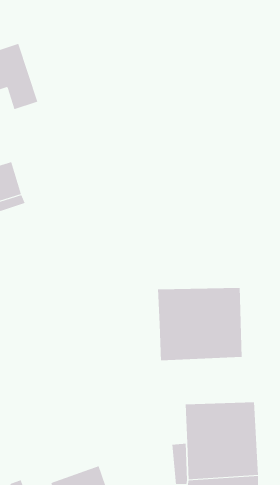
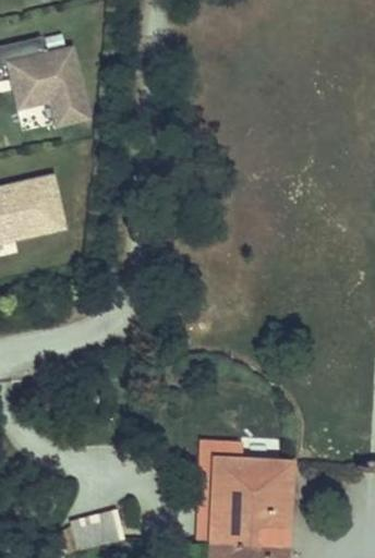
building: [158,287,242,361] -> none

